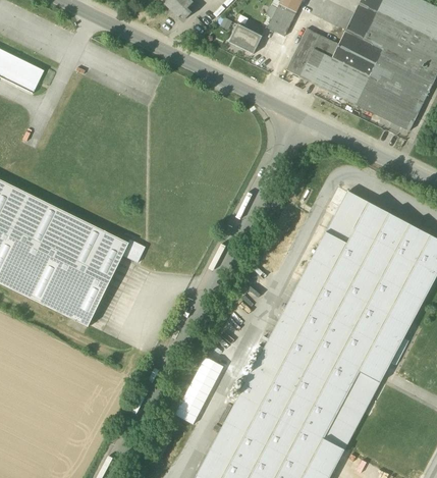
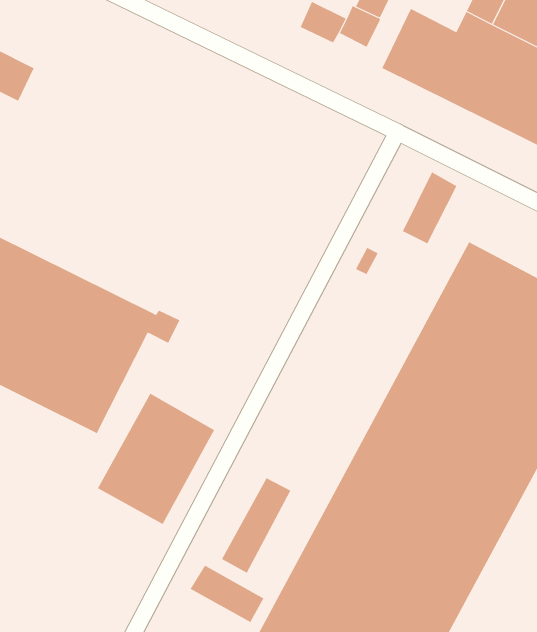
building: none -> [402,172,457,244]
building: none -> [97,393,215,525]
building: none -> [190,565,264,623]

